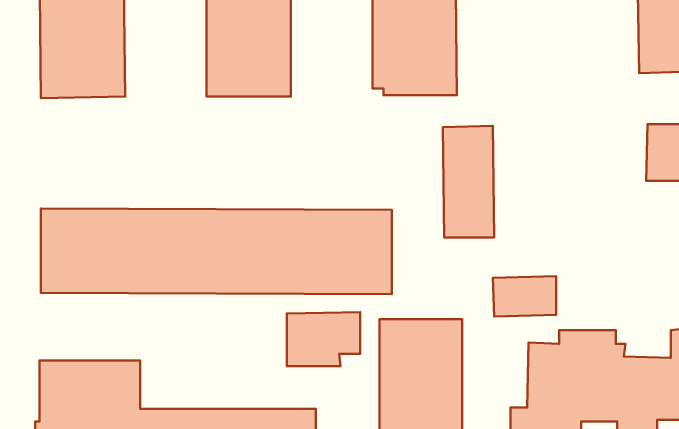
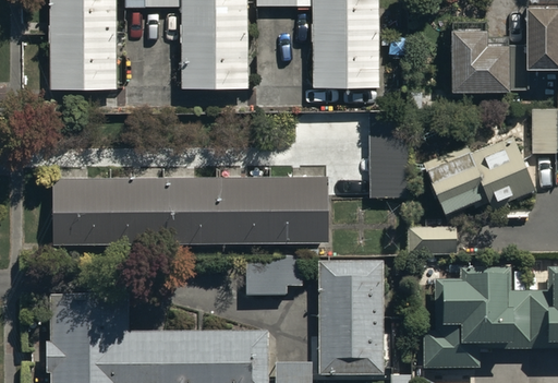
building: none -> [447,22,506,83]
building: none -> [423,142,535,213]

